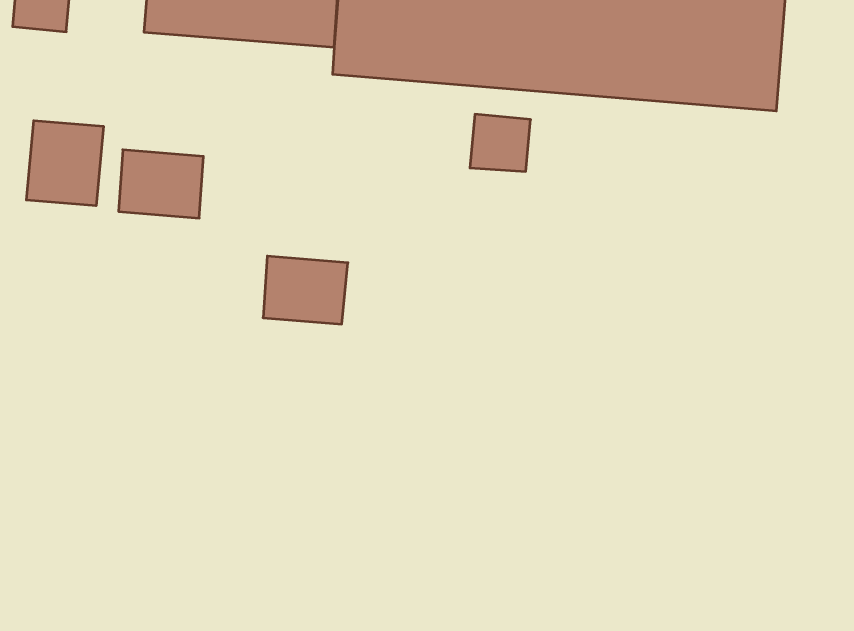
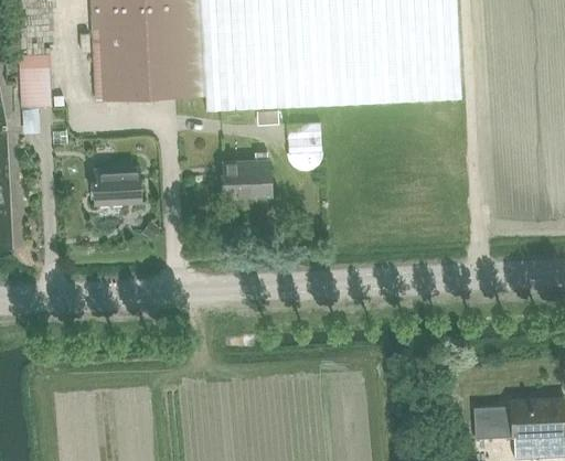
building: [26,121,103,206] -> none
building: [263,256,348,324] -> [223,160,270,197]

